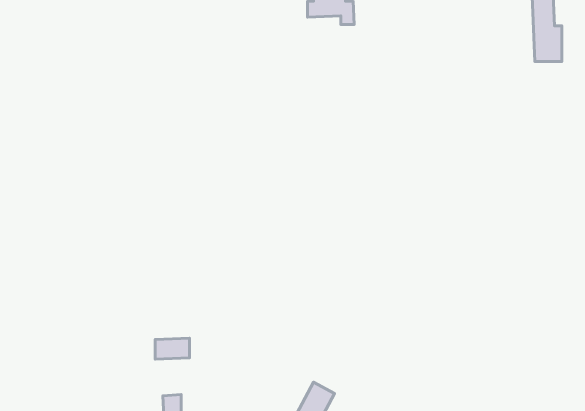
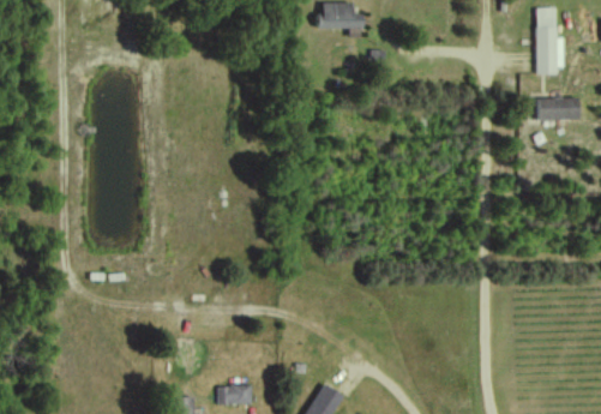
building: none -> [537,97,579,120]
building: [155,338,190,359] -> [218,384,252,404]

